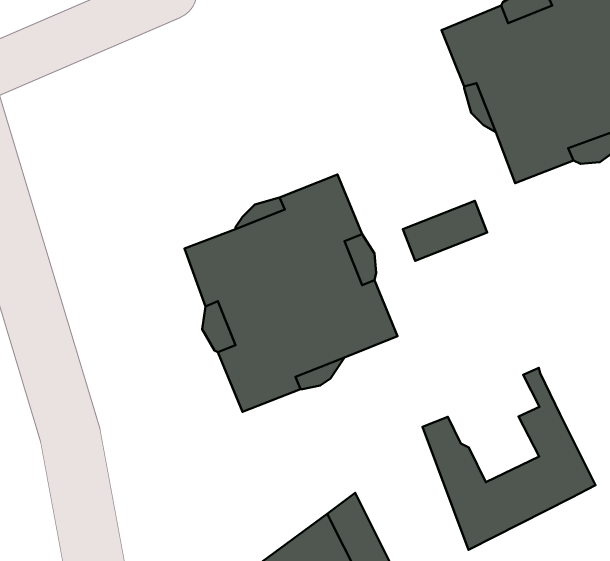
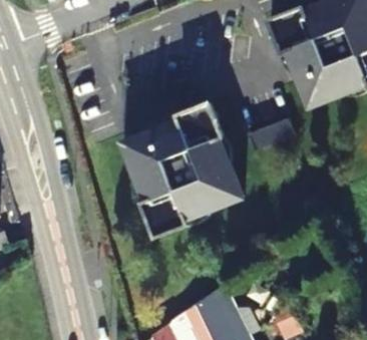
building: [423,368,596,550] -> none

